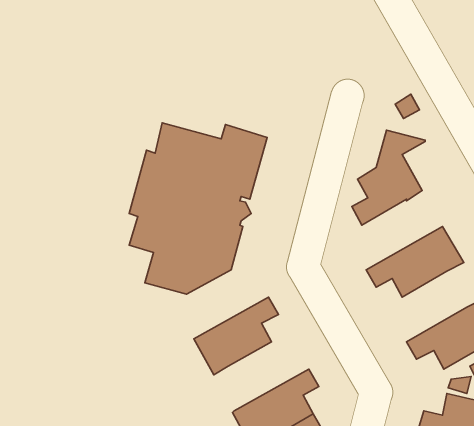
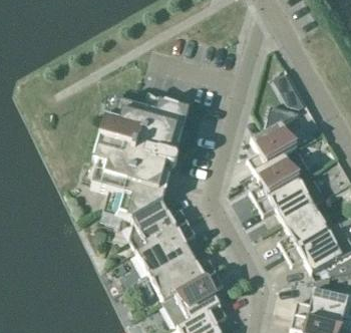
building: none -> [250,147,310,203]
building: none -> [129,203,189,251]
building: none -> [278,204,327,253]
building: none -> [150,253,217,301]

